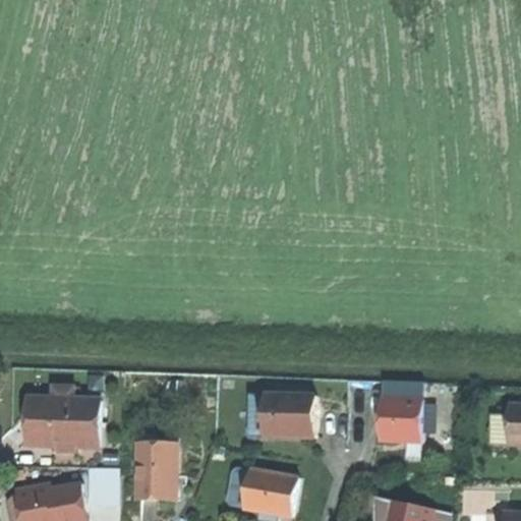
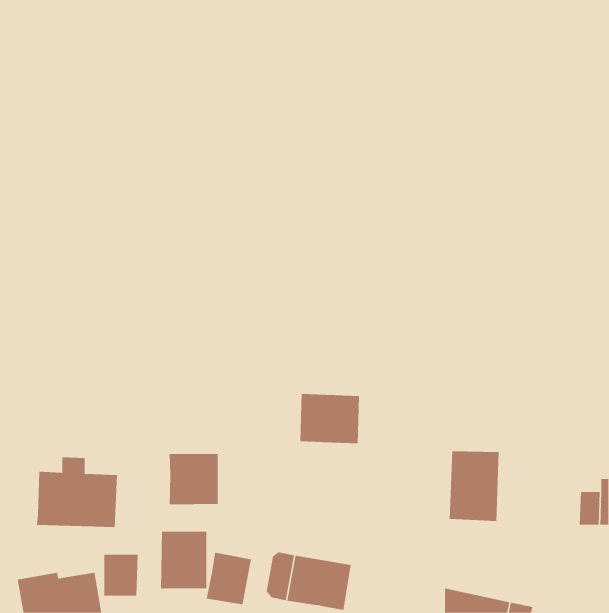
building: none -> [169,453,218,505]
building: [264,395,314,438] -> [300,393,360,444]
building: none -> [206,552,251,605]

